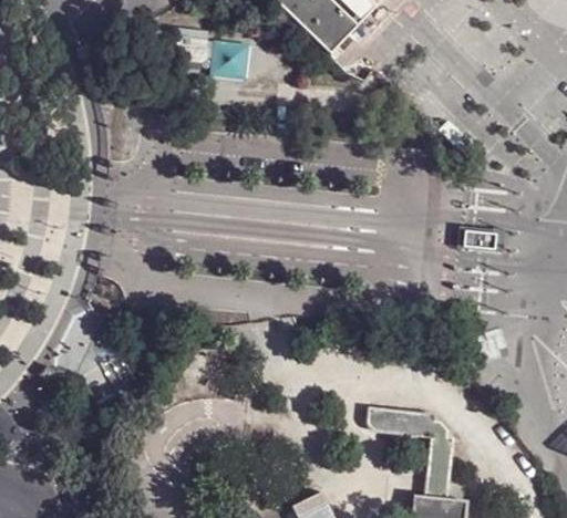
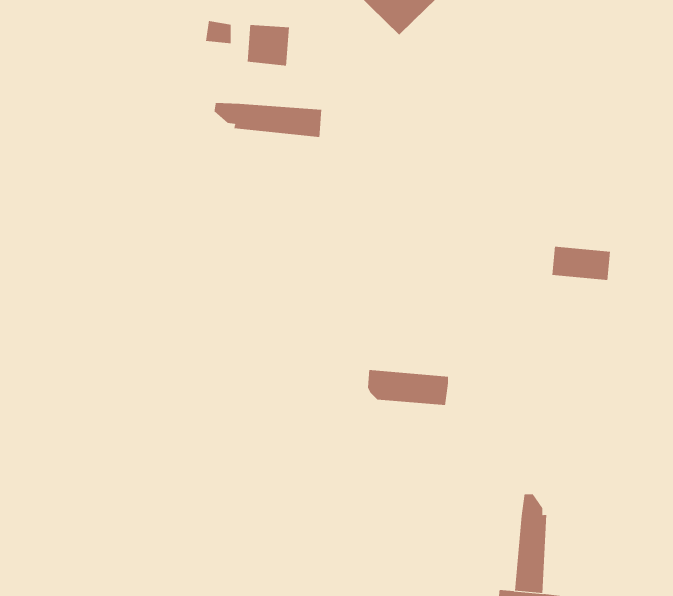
building: none -> [214,102,322,138]
building: [365,407,431,436] -> [367,369,449,405]

